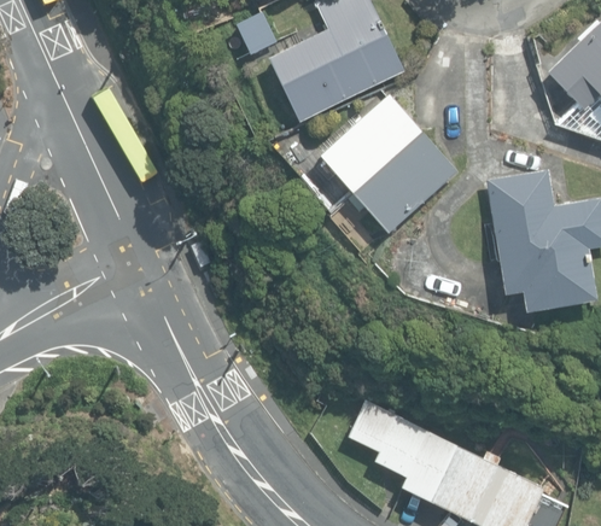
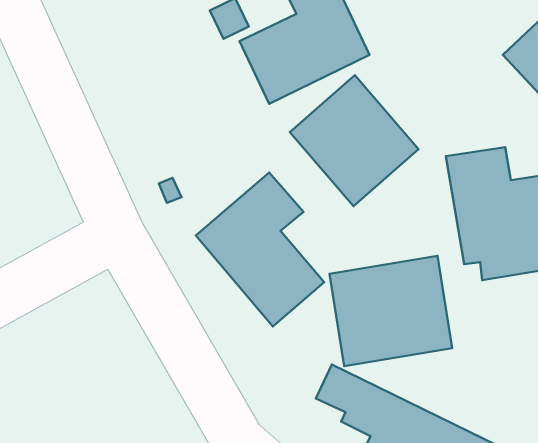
building: none -> [196,172,324,327]
building: none -> [330,256,452,366]

